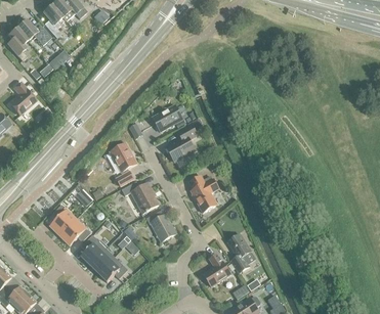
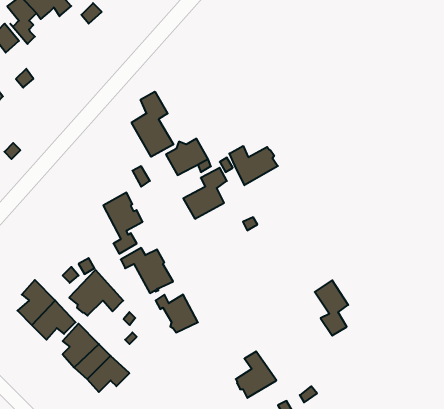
building: none -> [132,92,173,157]
building: none -> [229,146,278,185]
building: [189,175,218,212] -> none
building: none -> [69,270,123,316]
building: [227,233,251,272] -> [315,280,348,336]

